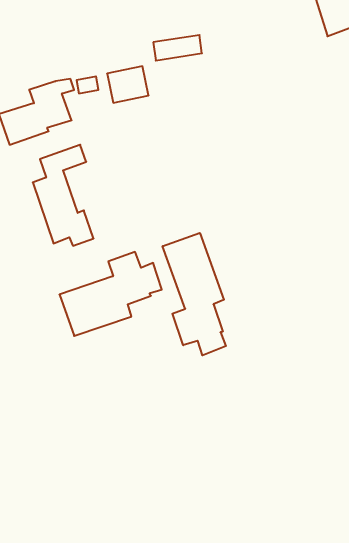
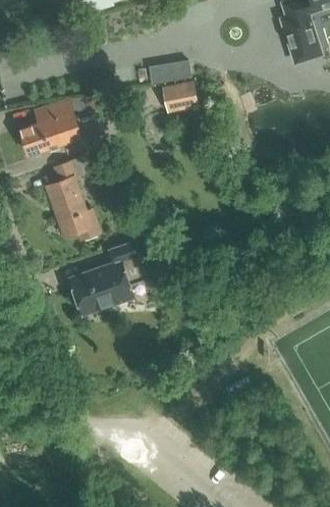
building: [107,66,149,103] -> [162,82,197,112]
building: [163,233,226,355] -> none

